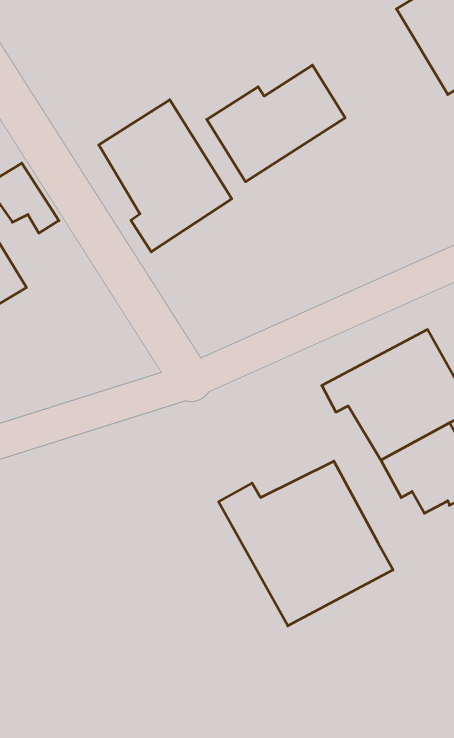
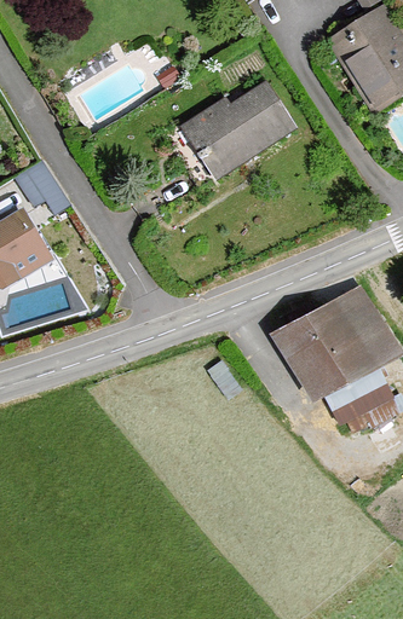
building: [99,100,232,252] -> none
building: [219,461,393,626] -> none

